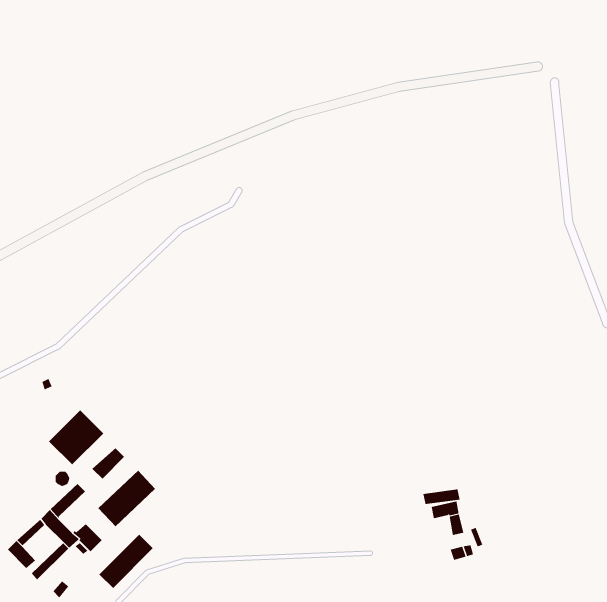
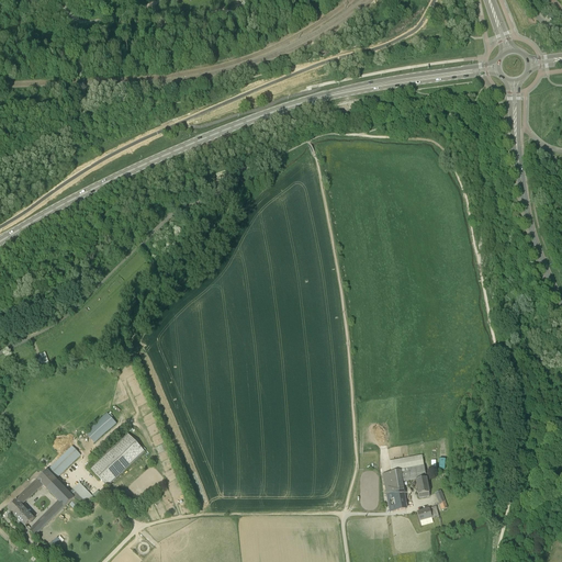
building: [48,410,104,465] -> none
building: none -> [381,468,404,508]
building: [99,534,154,589] -> none

